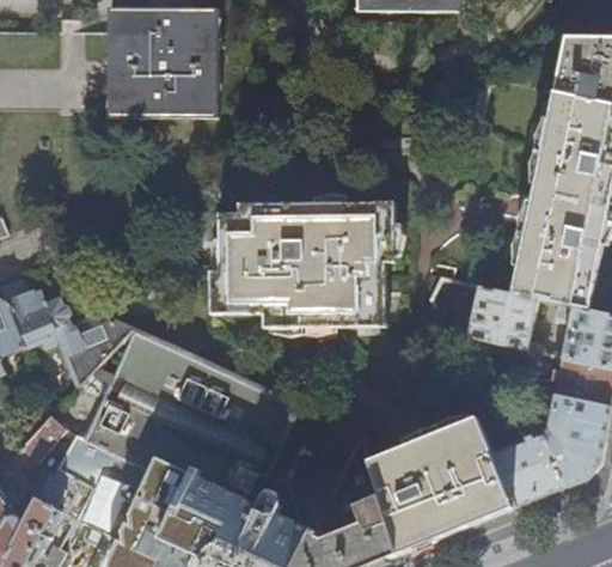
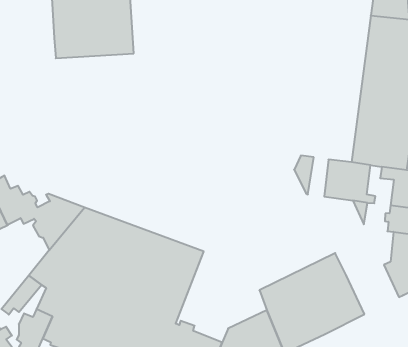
building: [203,201,391,327] -> none
building: [492,403,564,506] -> none

